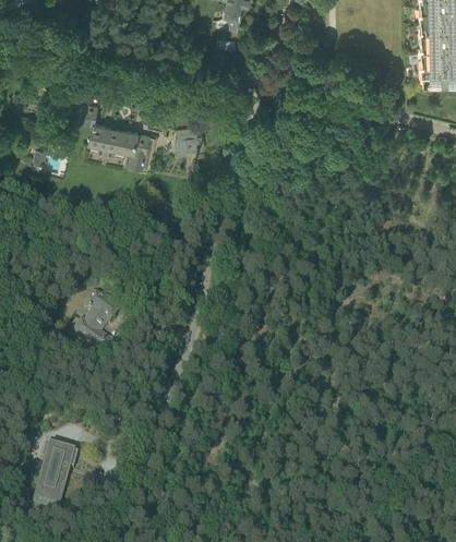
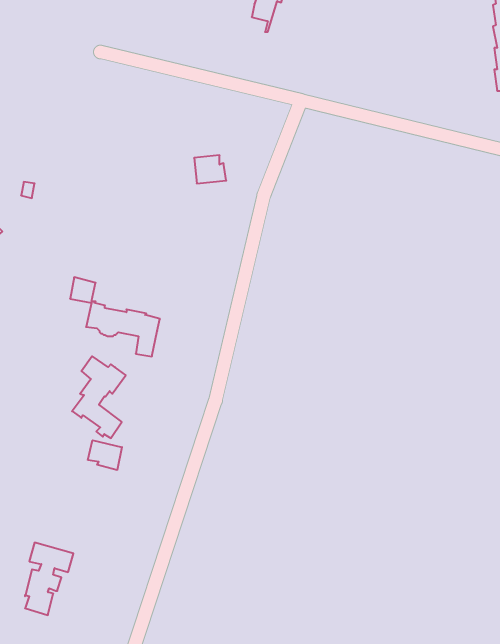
building: [75,104,148,168] -> [70,277,160,356]
building: none -> [88,440,122,470]

